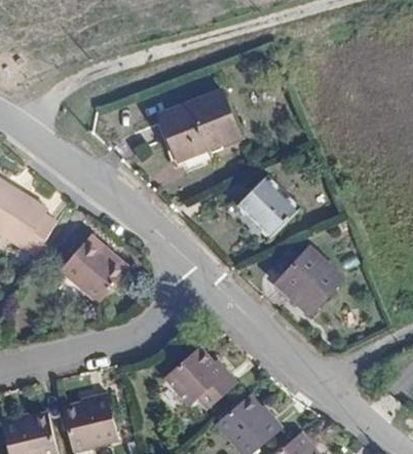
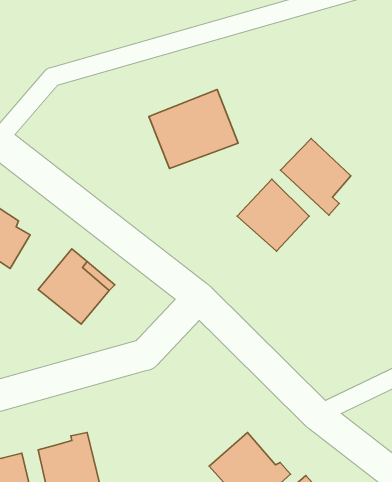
building: none -> [281,139,351,215]
building: [276,250,344,317] -> none
building: [161,347,232,409] -> none

